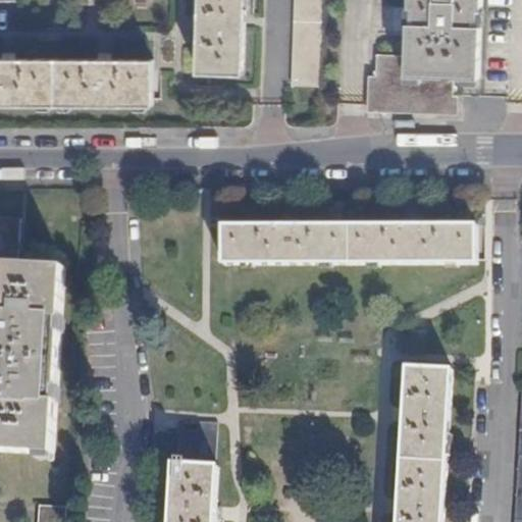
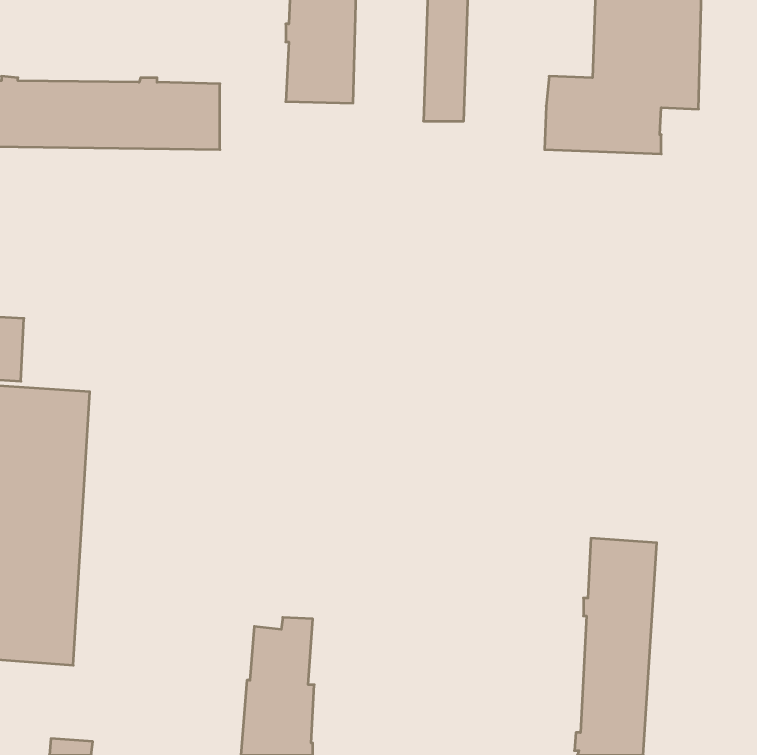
building: [219,220,473,264] -> none

